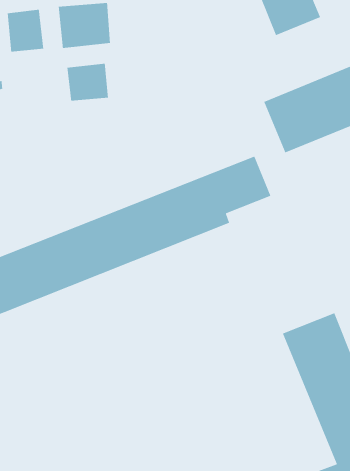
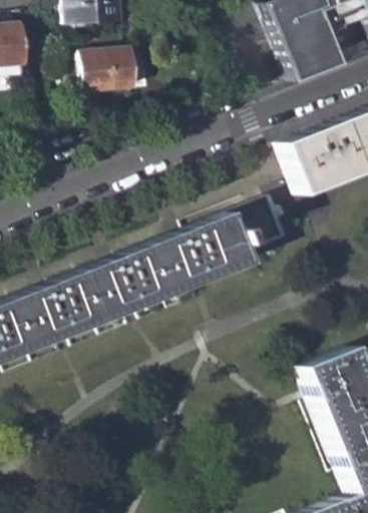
building: [7,9,44,52] -> none
building: [67,63,109,101] -> none

